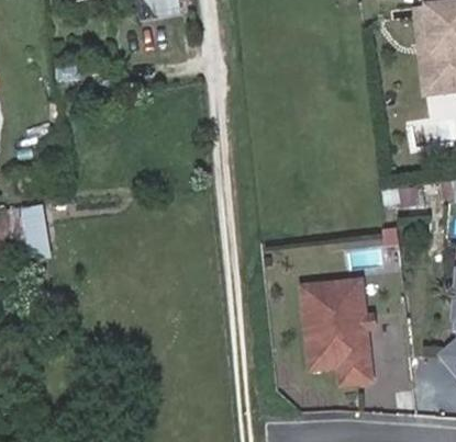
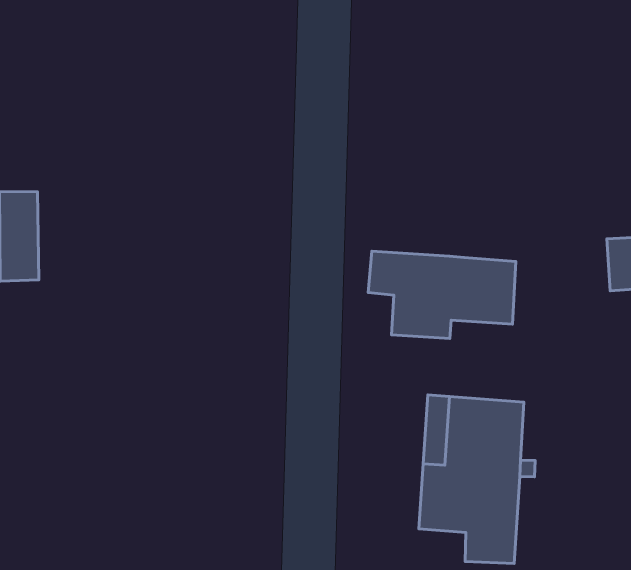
building: none -> [368,251,516,339]

